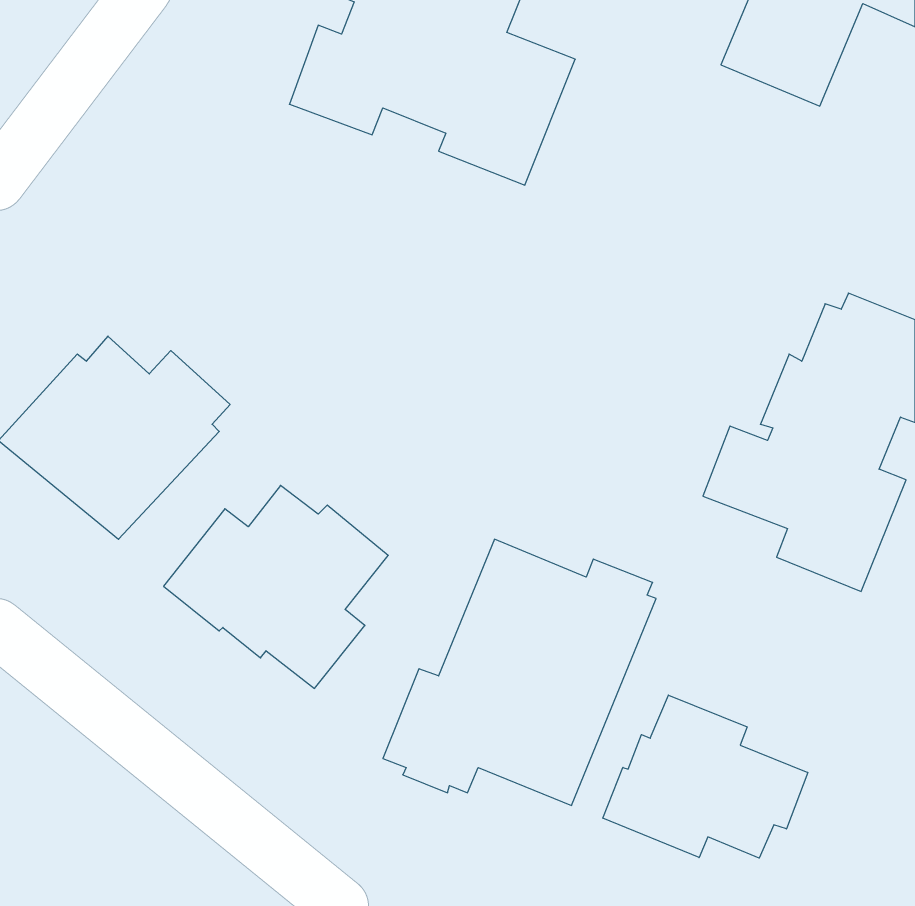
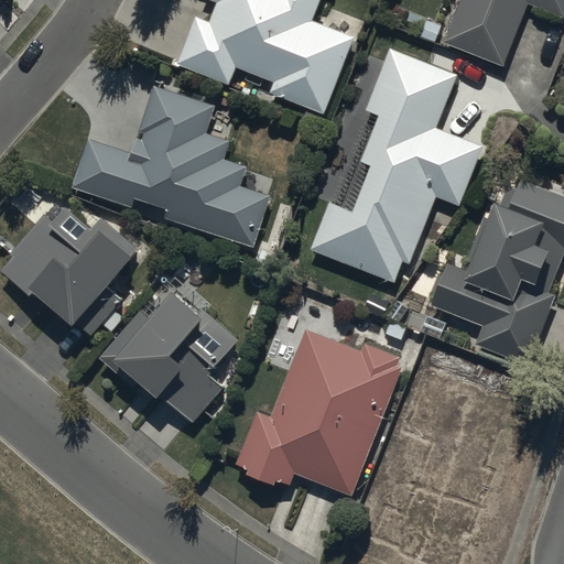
building: none -> [311,48,481,279]
building: none -> [70,85,270,247]
building: [603,695,808,858] -> none

